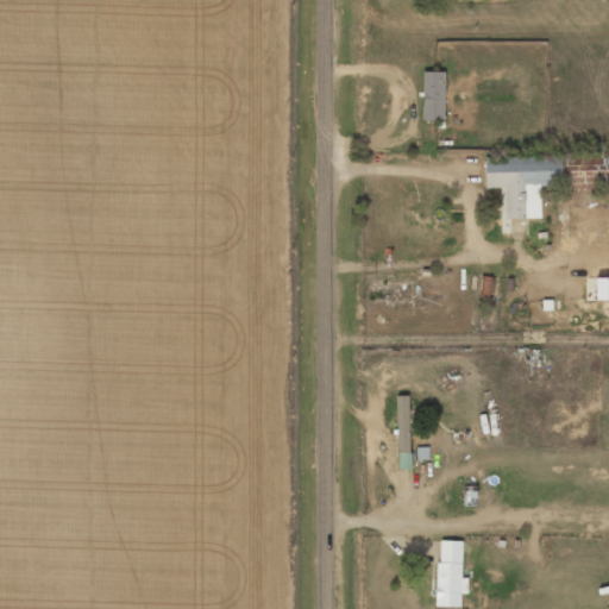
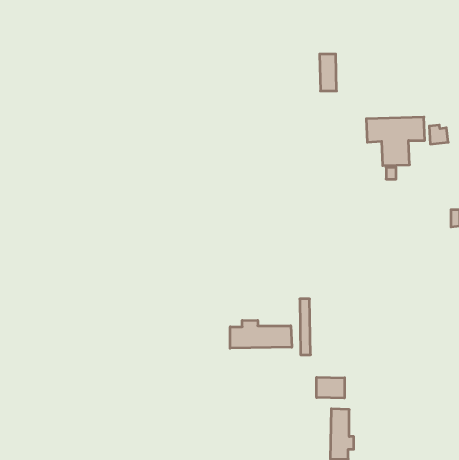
building: none -> [230,320,292,348]
building: none -> [317,377,345,398]

